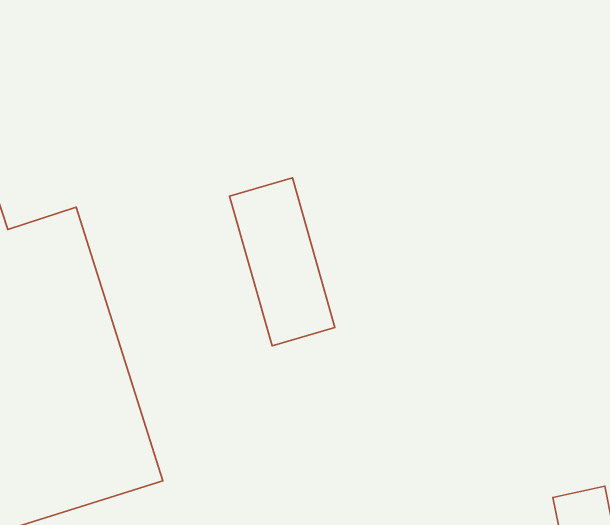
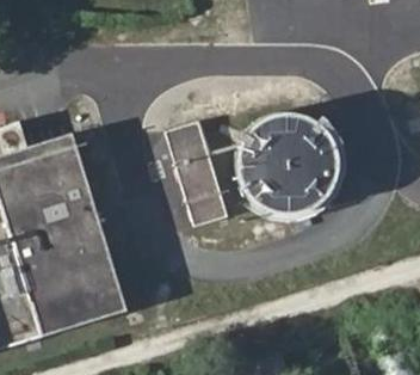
building: none -> [233,118,333,220]

